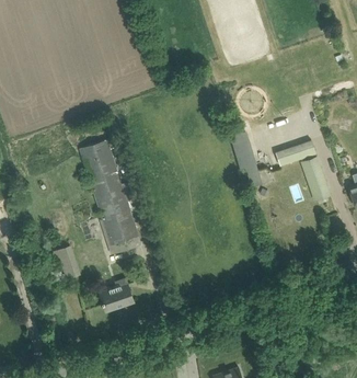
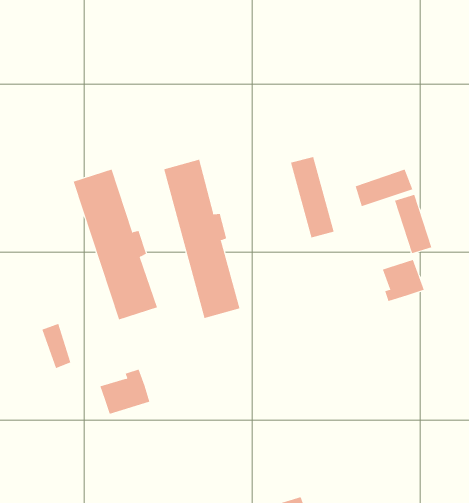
building: none -> [164,159,240,319]
building: none -> [382,259,424,302]

